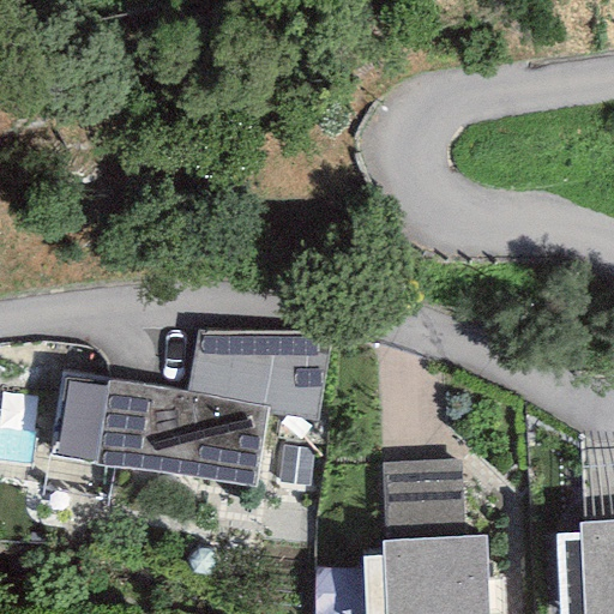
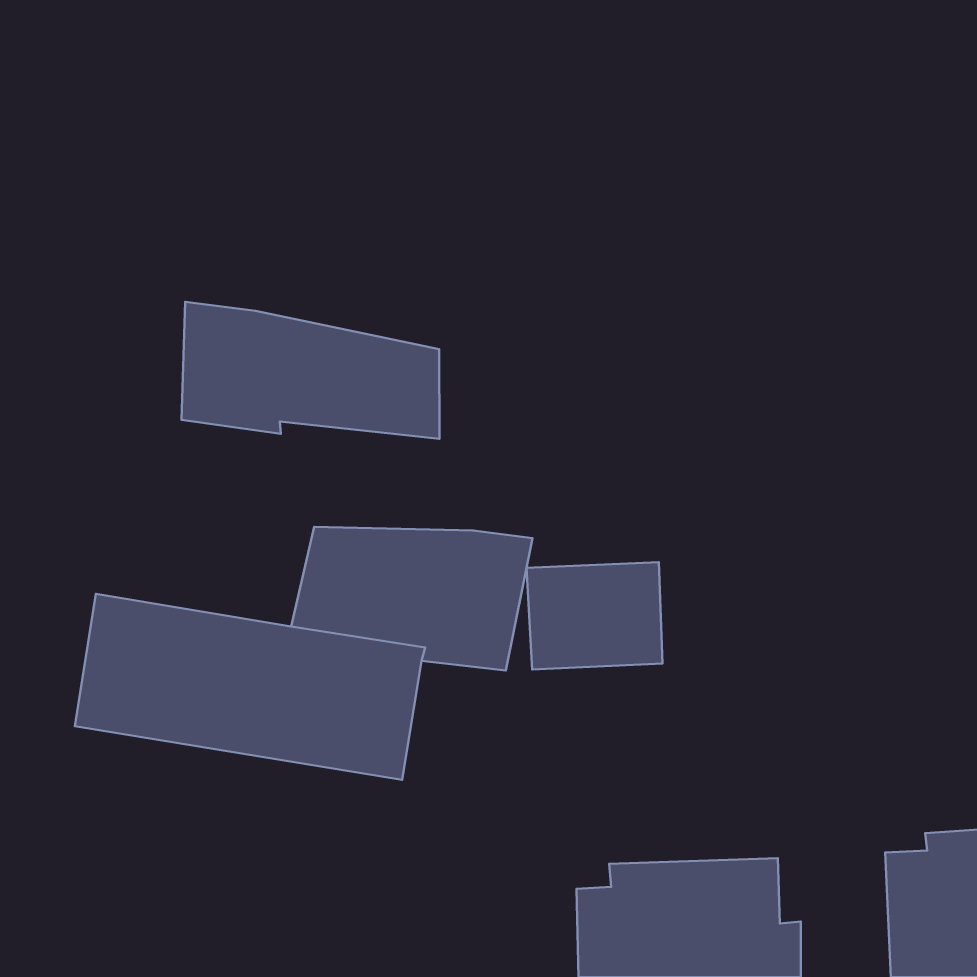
building: none -> [182,302,439,439]
building: [380,459,465,526] -> [527,562,663,669]

